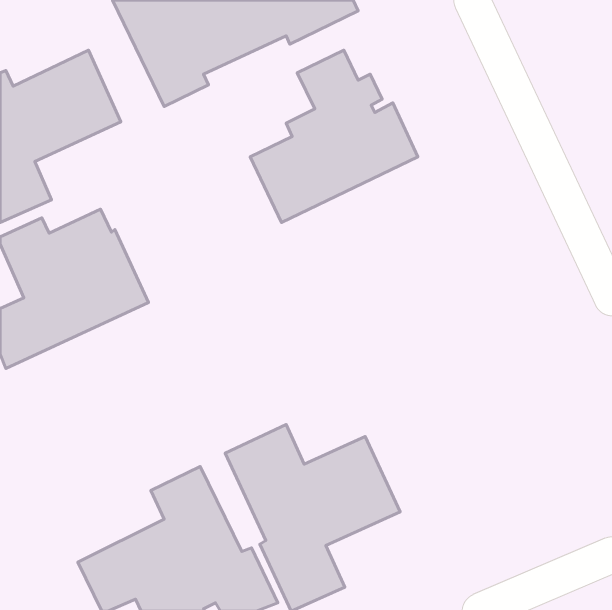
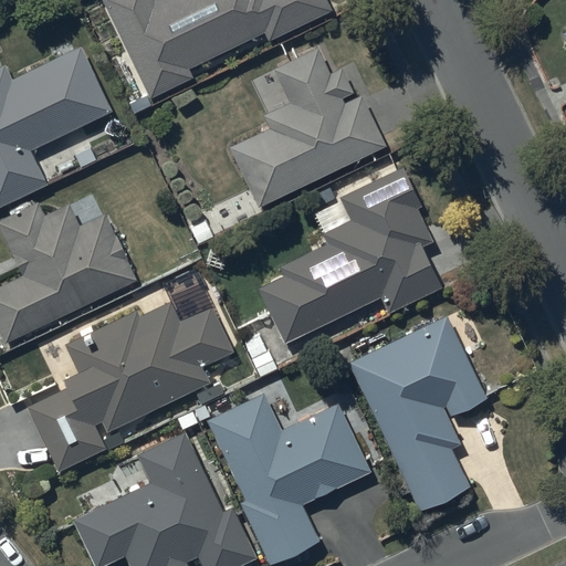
building: none -> [259,167,443,343]
building: none -> [25,302,234,474]
building: none -> [348,316,486,514]

